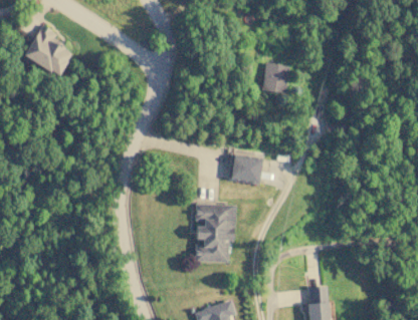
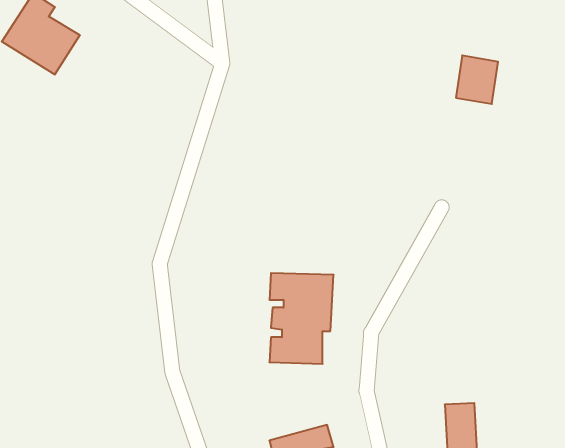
building: [262,62,289,93] -> [456,55,498,104]
building: [232,155,262,183] -> none

